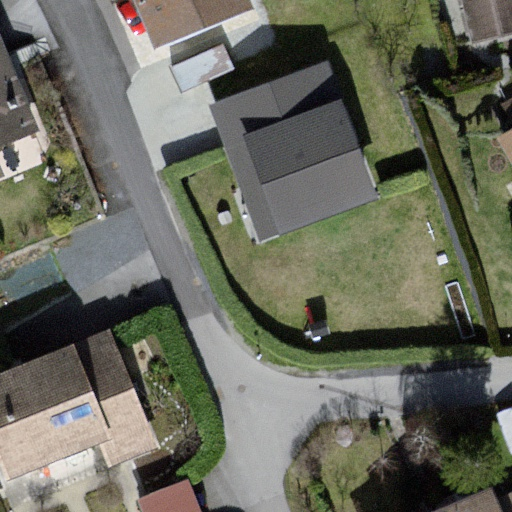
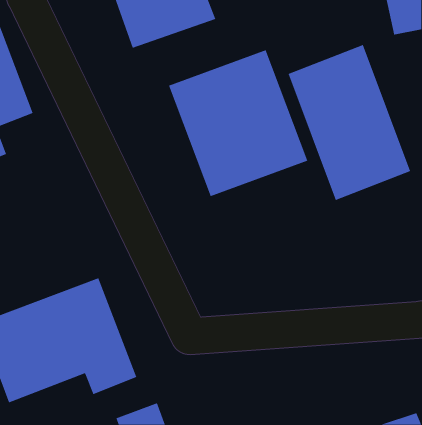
building: none -> [288,44,411,201]

